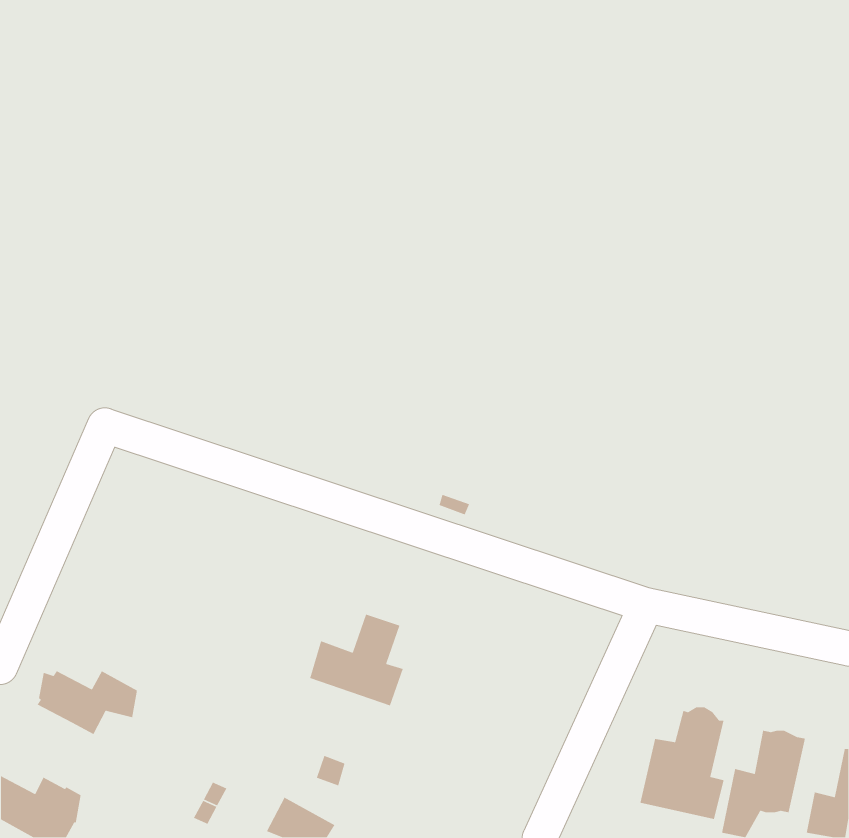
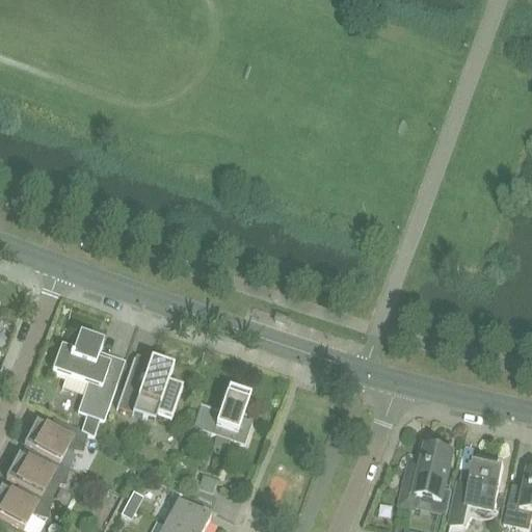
building: none -> [52,331,115,434]
building: none -> [116,356,182,418]
building: none -> [5,451,69,493]

